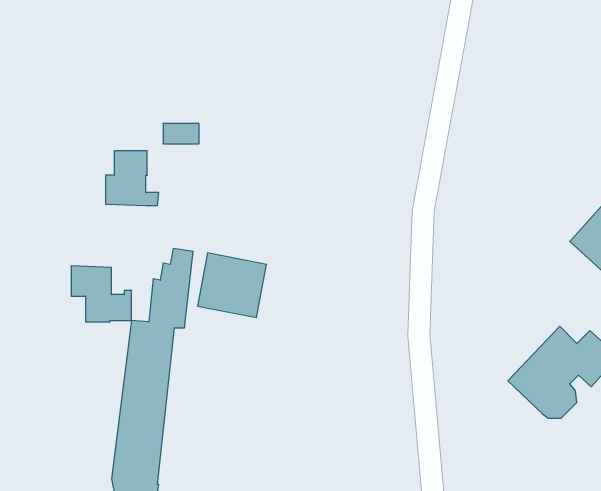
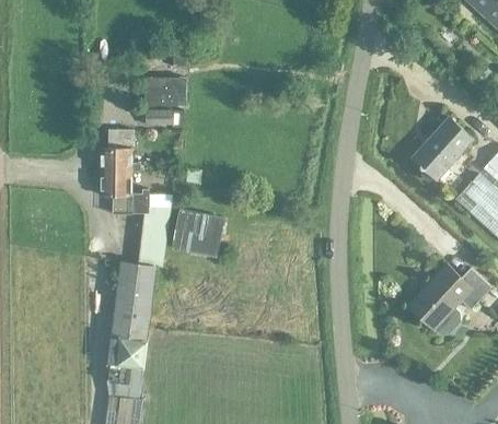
building: none -> [144,76,188,106]
building: none -> [413,116,474,180]
building: [71,266,132,322] -> [102,170,148,213]

